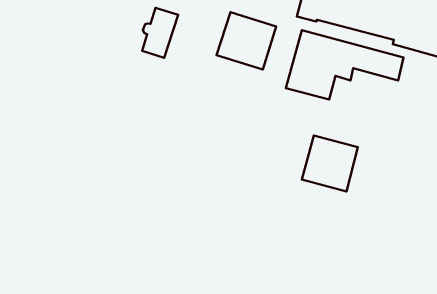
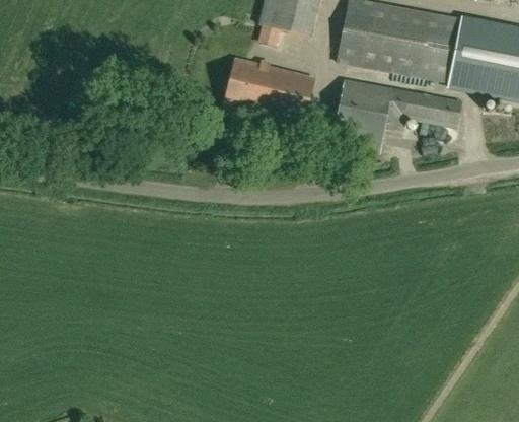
building: [142,8,178,58] -> [223,58,262,114]
building: [302,136,358,191] -> none

